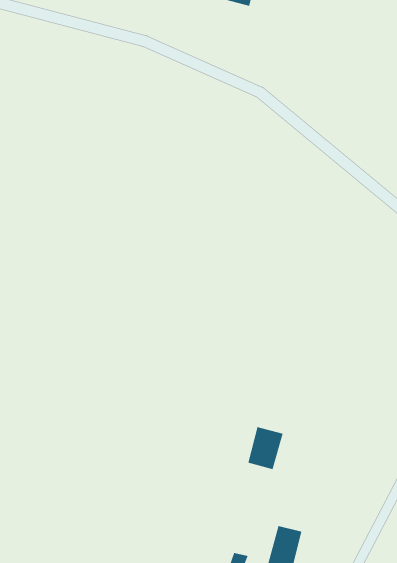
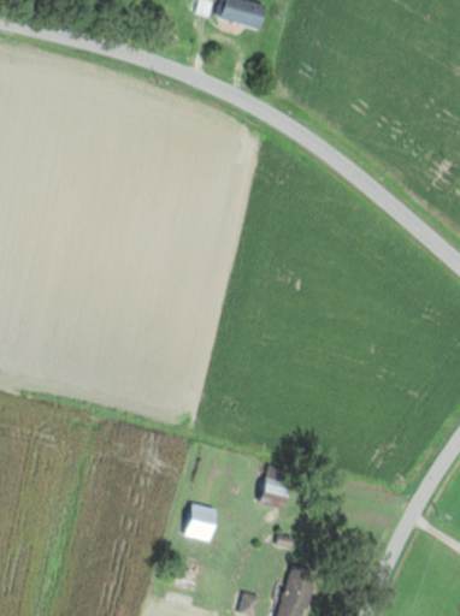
building: none -> [184,504,218,540]

